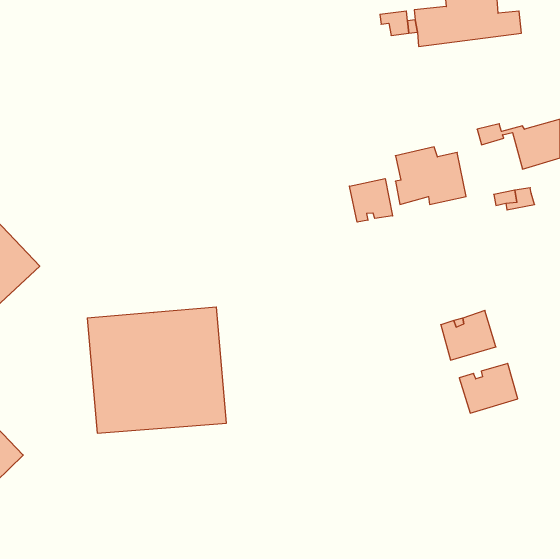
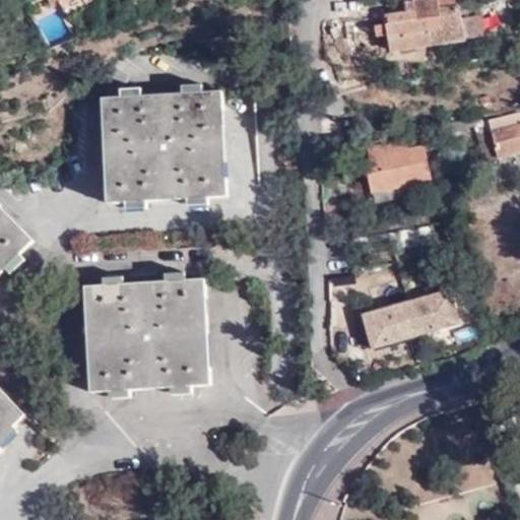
building: none -> [103,88,230,206]
building: [349,179,393,222] -> none
building: [459,363,518,413] -> [361,299,414,344]

